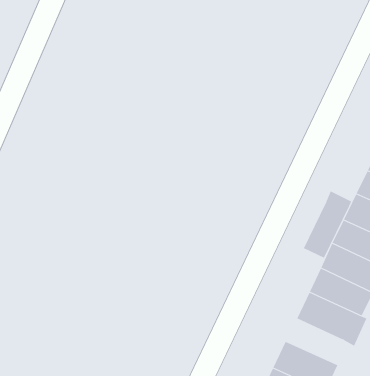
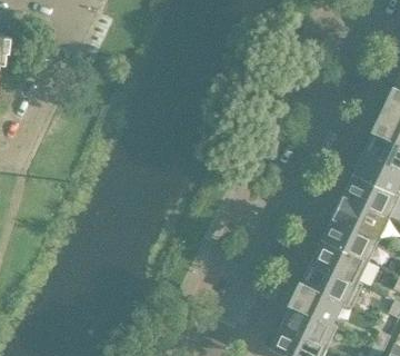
building: [303,191,352,258] -> none
building: none -> [290,285,341,324]

